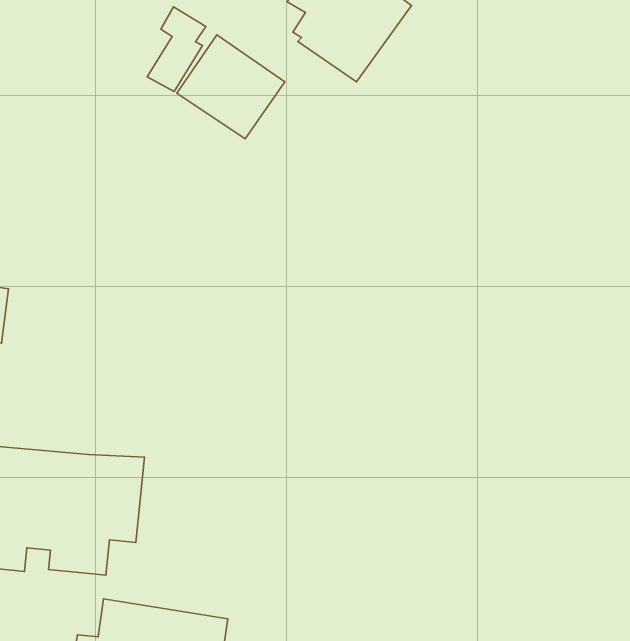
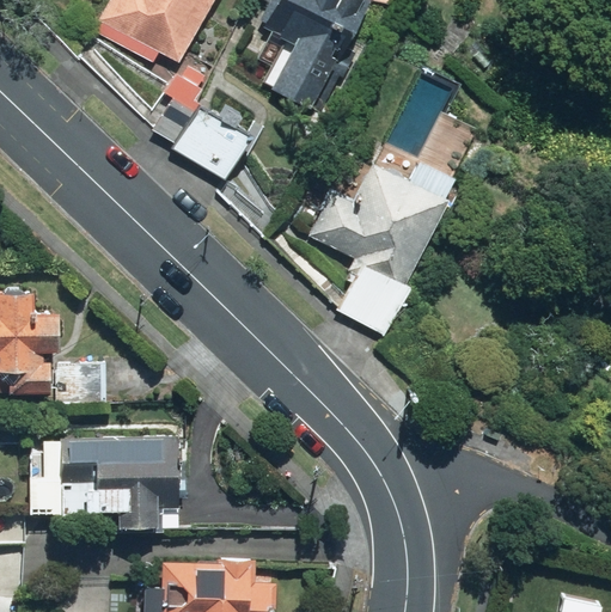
building: none -> [311,158,448,331]

